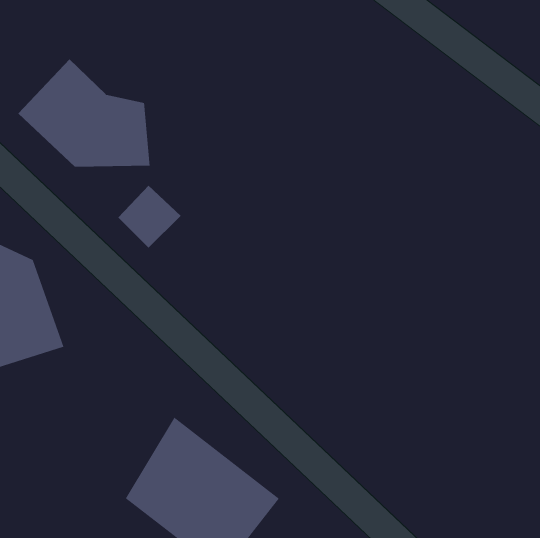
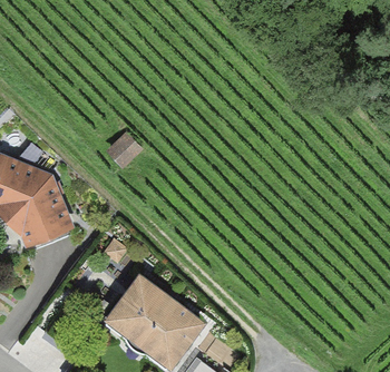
building: [17,58,150,167] -> none

